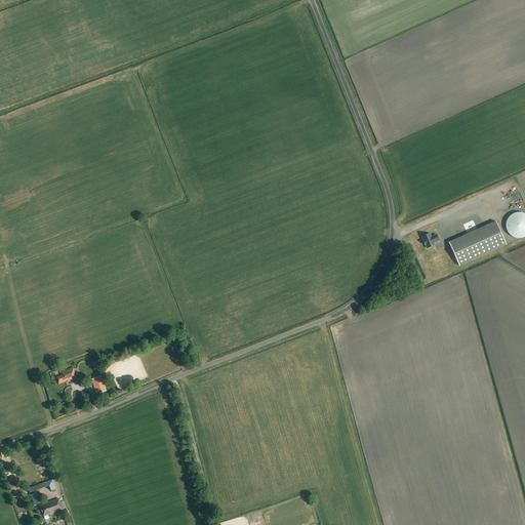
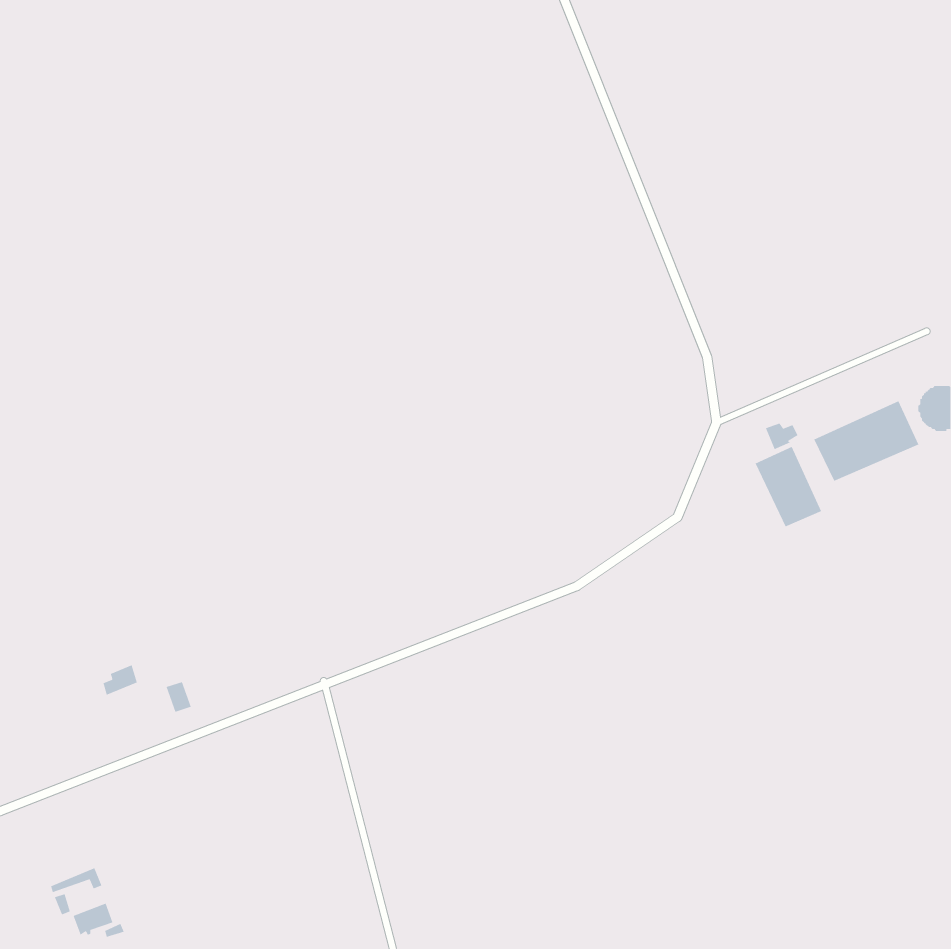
building: none -> [754,446,822,528]

